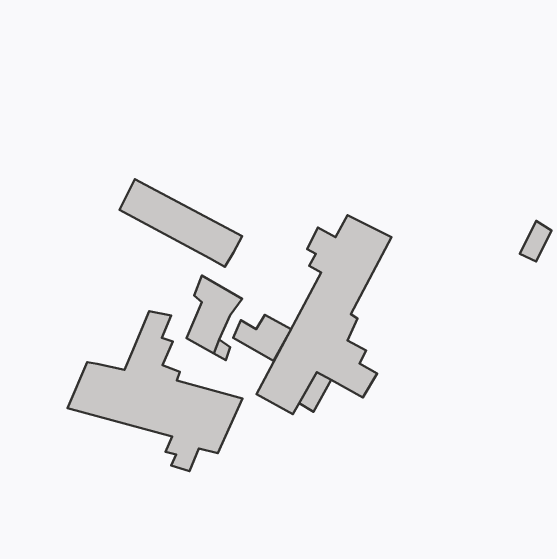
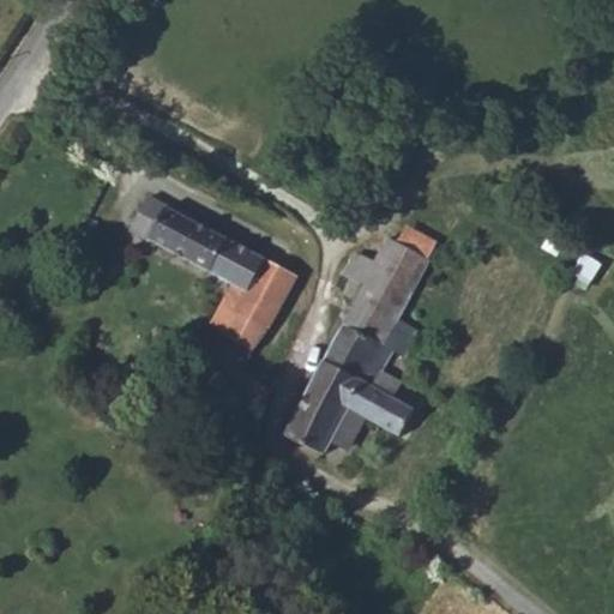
building: [68,311,242,471] -> none
building: [233,315,291,361] -> [224,276,288,326]

